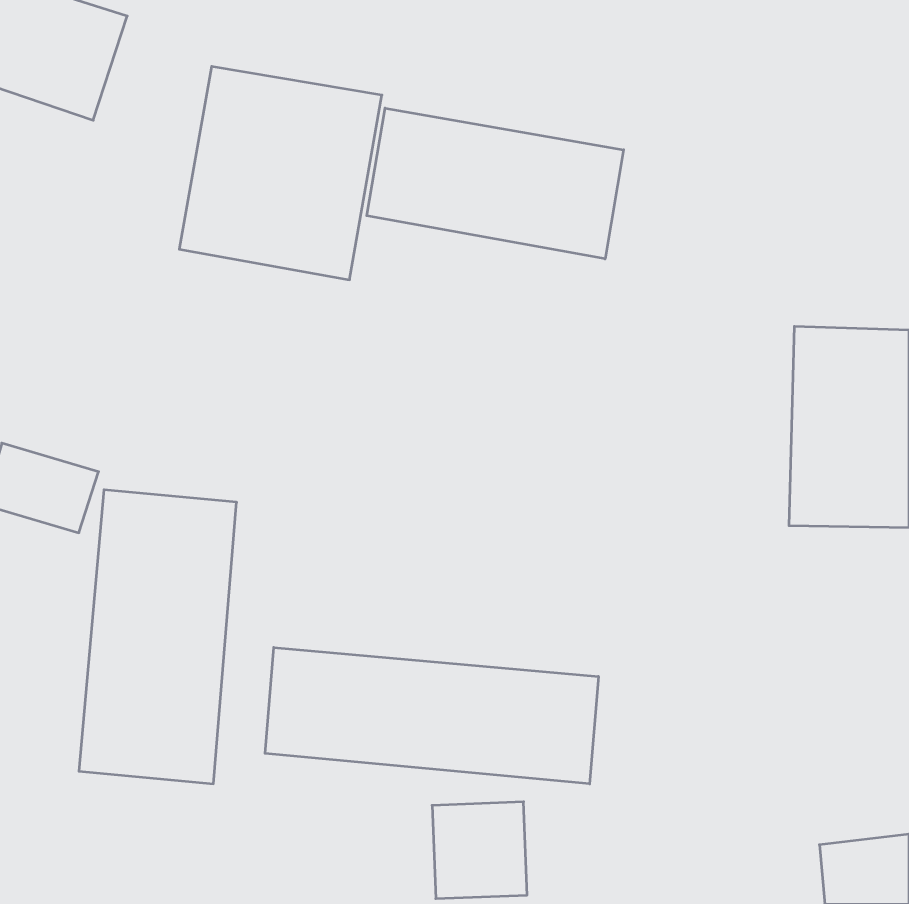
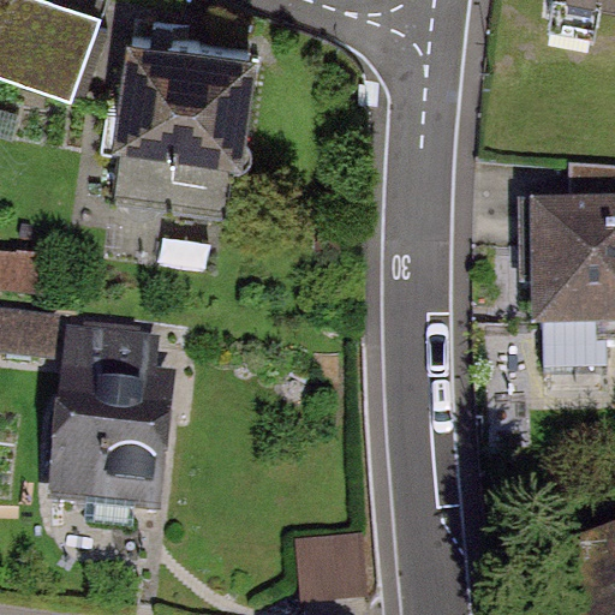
building: [367,108,624,259] -> none
building: [265,647,598,784] -> none

